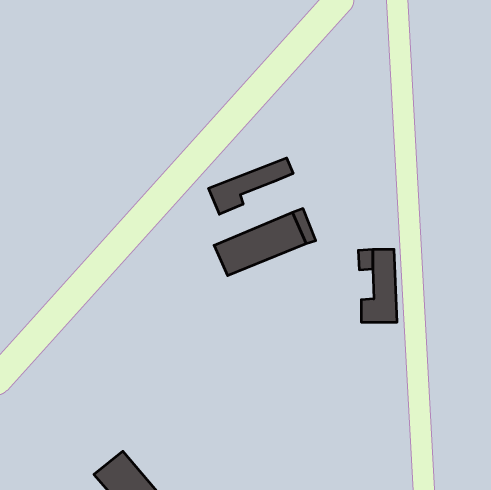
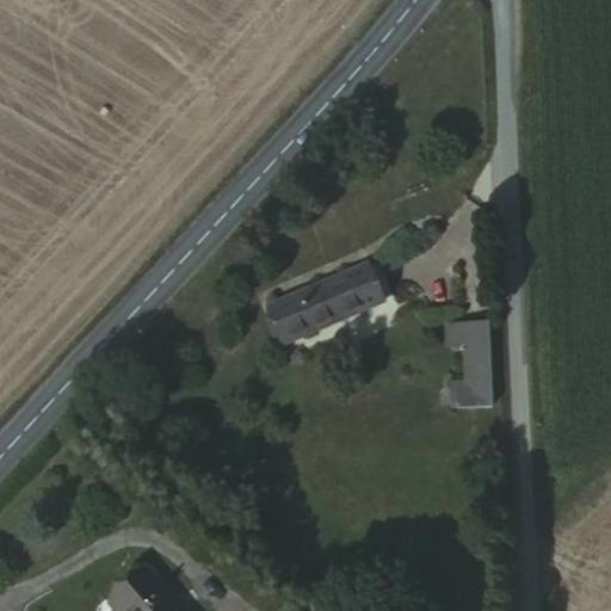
building: [209,158,293,214] -> none

